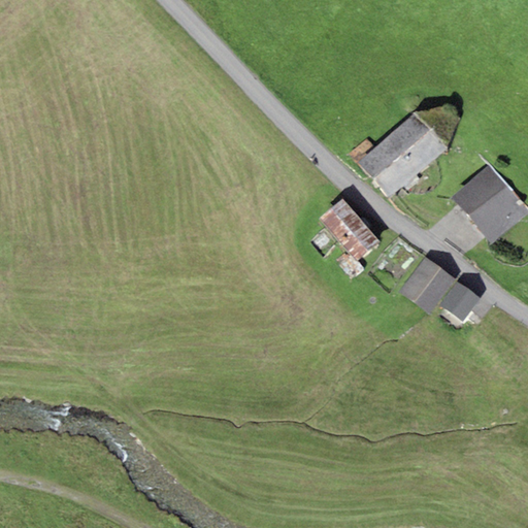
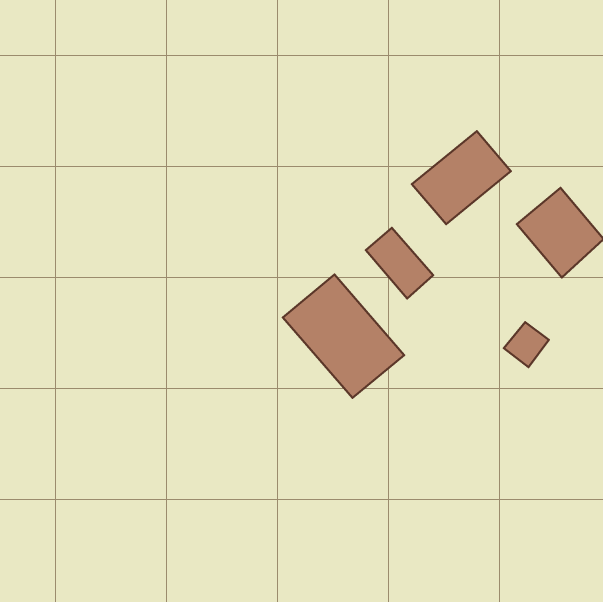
building: none -> [283,274,404,398]
building: [399,257,455,312] -> none

